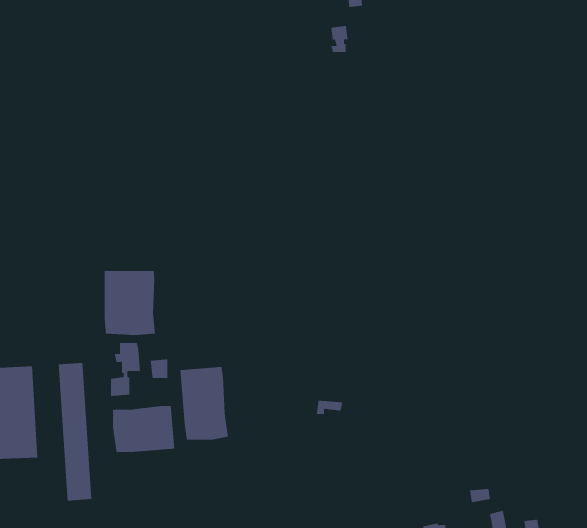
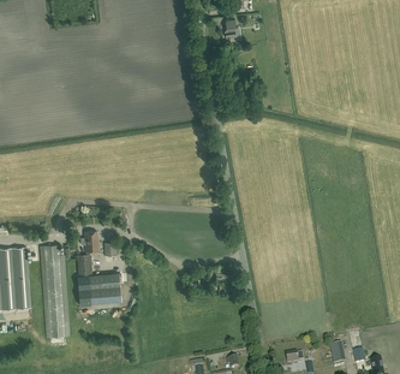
building: [104,270,155,336] -> none
building: [180,366,229,440] -> none

